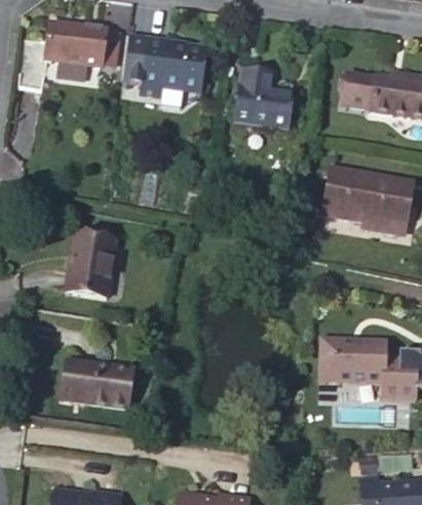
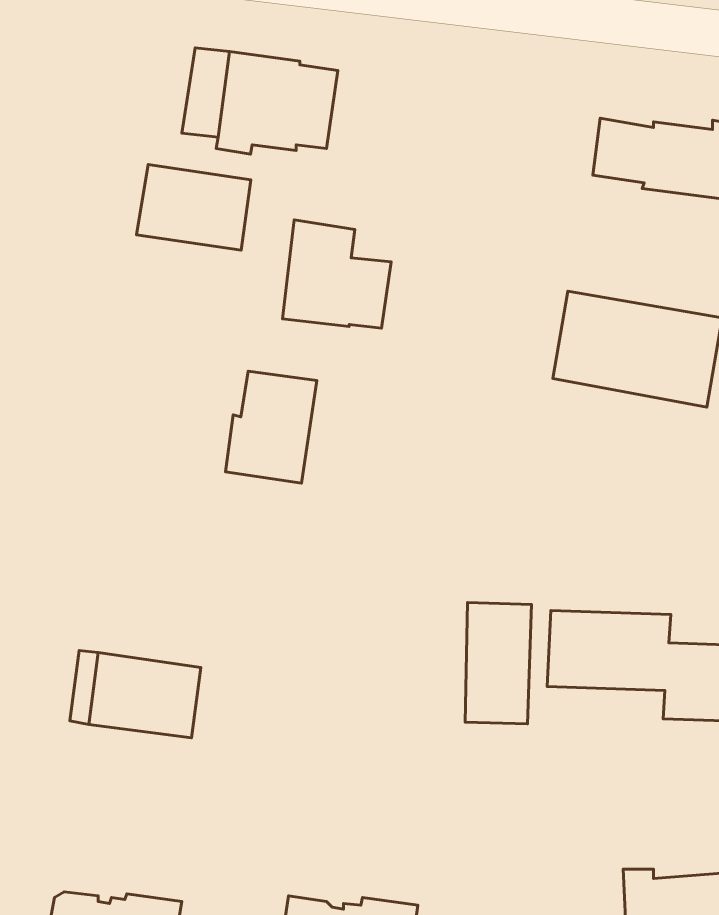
building: [44,22,106,68] -> [137,164,251,250]
building: [235,68,294,126] -> [283,220,391,328]
building: [66,239,115,300] -> [225,371,317,483]
building: none -> [465,603,531,724]

